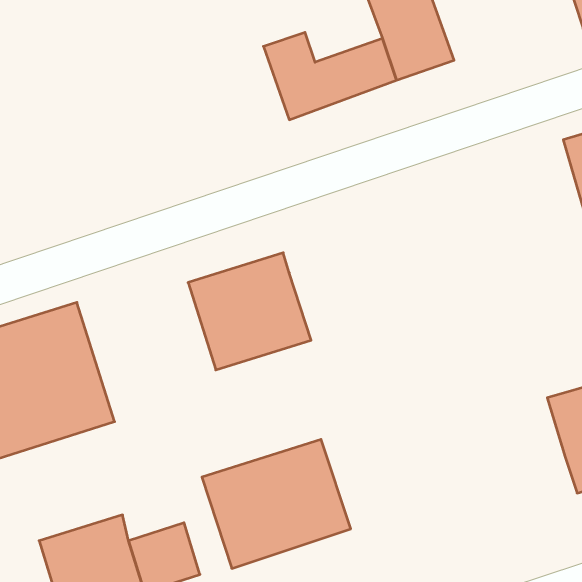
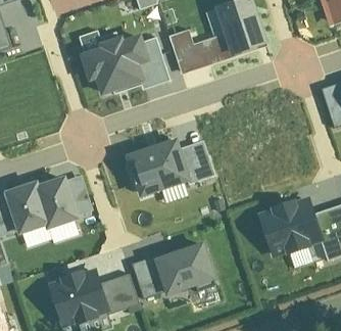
building: none -> [82,33,153,91]
building: none -> [180,144,211,185]
building: none -> [259,200,322,259]

